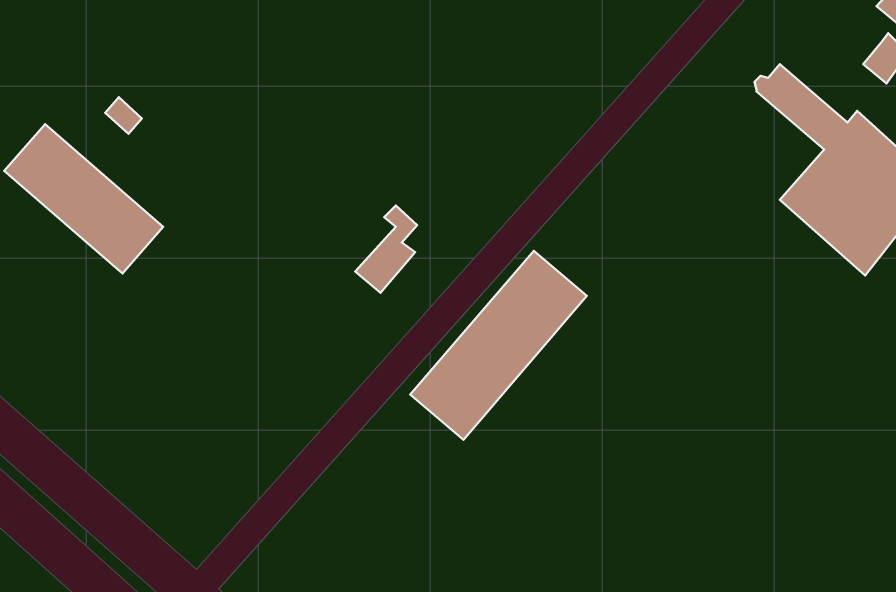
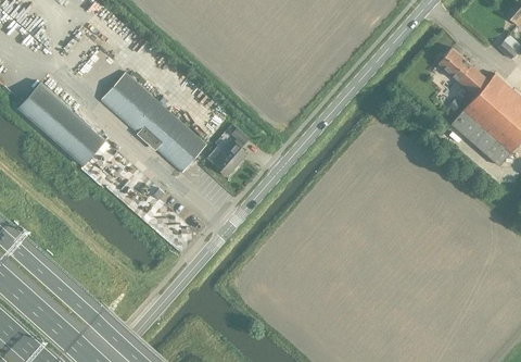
building: none -> [100,72,205,172]
building: [410,251,587,440] -> none

